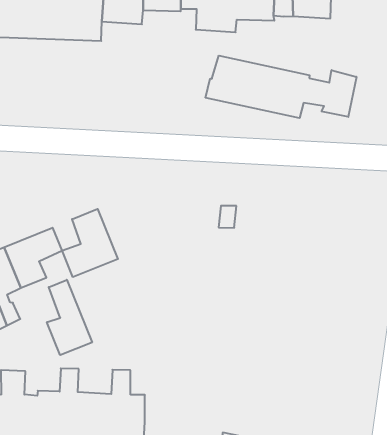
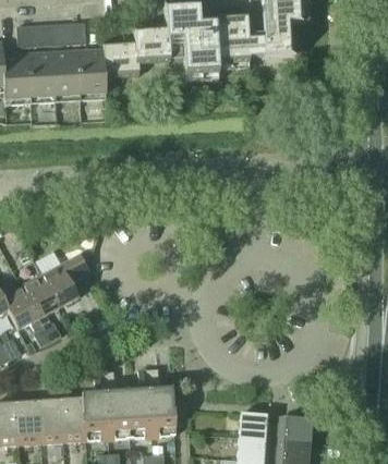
building: [206,56,356,118] -> none
building: [62,209,118,277] -> none
building: [47,280,92,355] -> none

